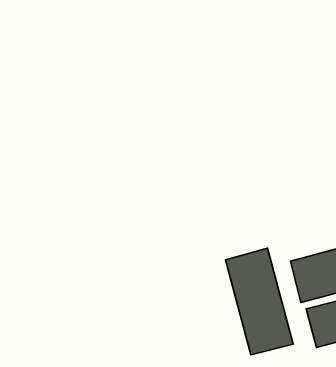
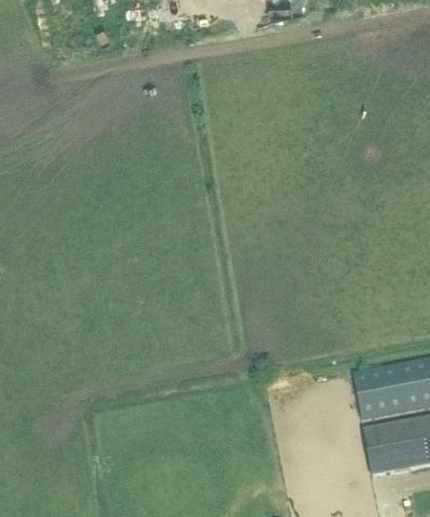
building: [226,248,293,355] -> none

